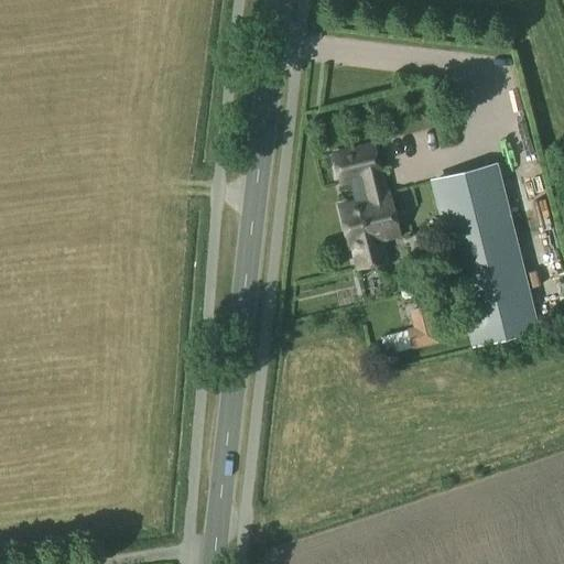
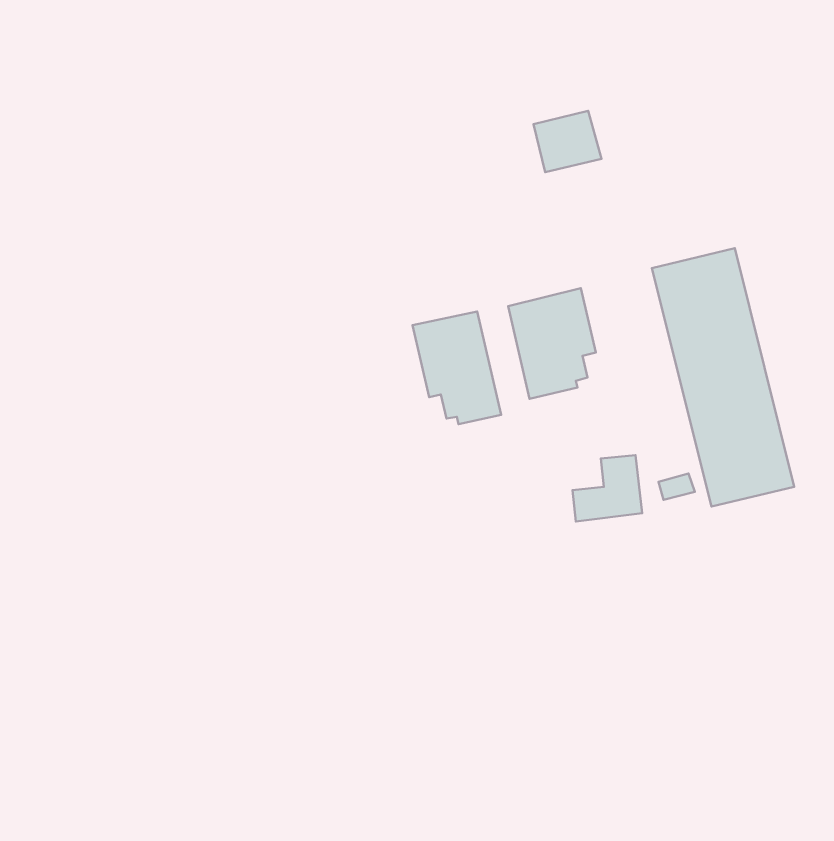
building: [340,142,386,183] -> [534,111,601,172]
building: none -> [412,312,501,424]

